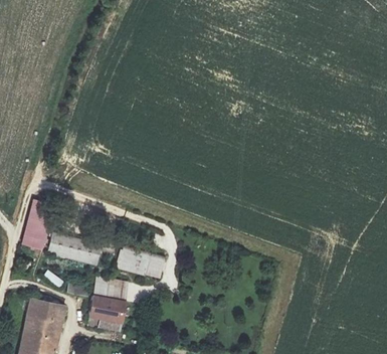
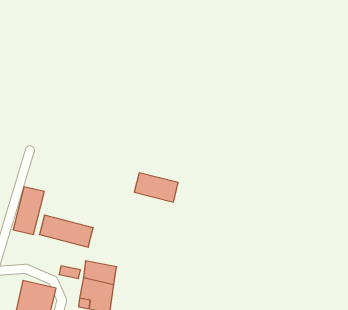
building: [119,248,164,279] -> [134,173,178,202]

